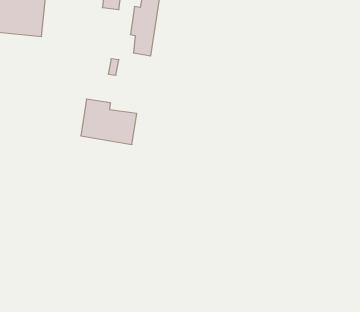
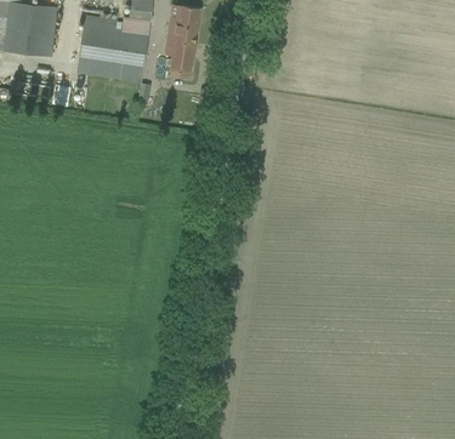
building: [81,99,137,144] -> [79,17,149,74]

